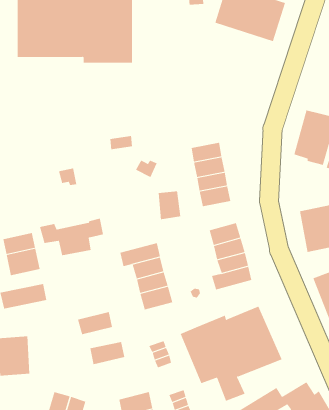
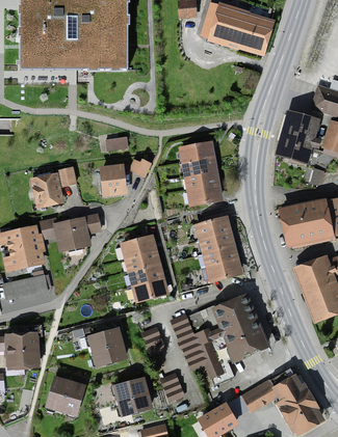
building: none -> [34,175,61,207]
building: [158,191,181,220] -> [103,168,125,195]
building: [77,312,113,335] -> [90,345,124,366]

